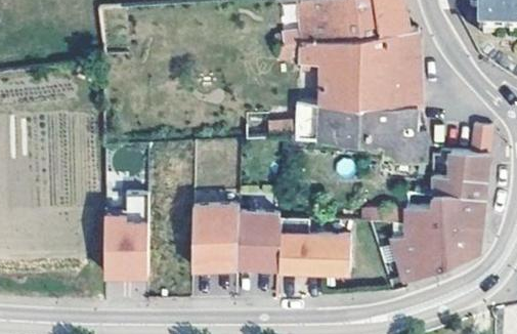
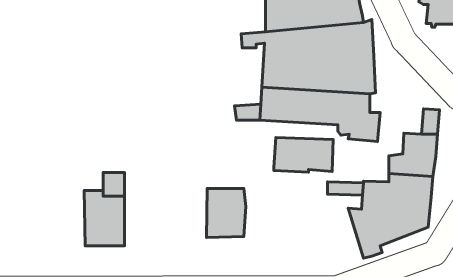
building: [191,201,239,264] -> none
building: [278,228,343,266] -> [274,138,333,172]

